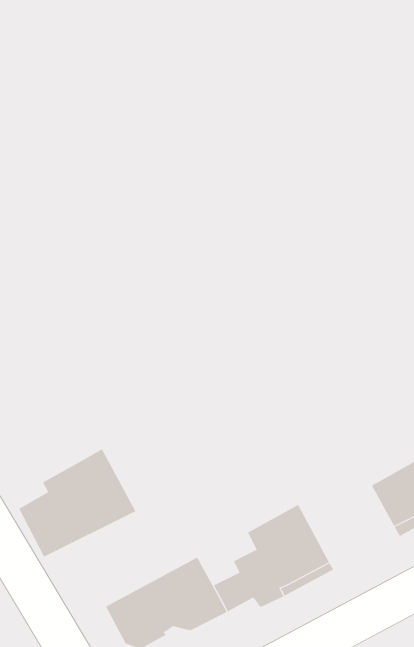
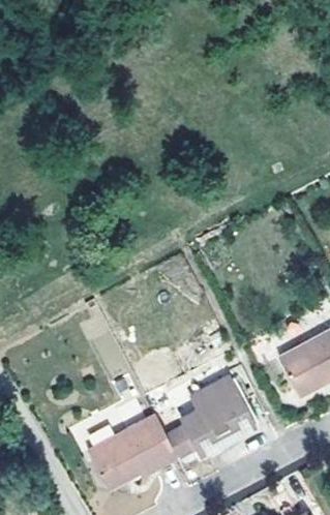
building: [18,448,136,558] -> none

